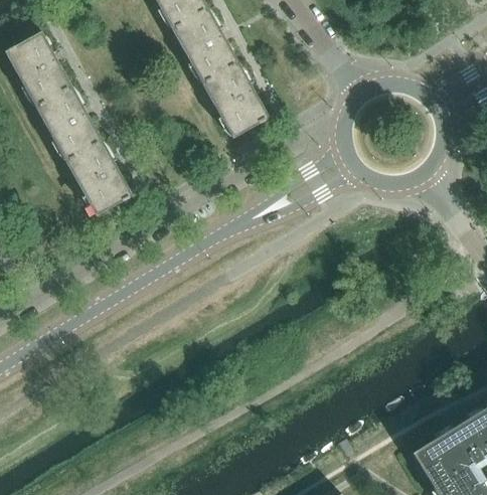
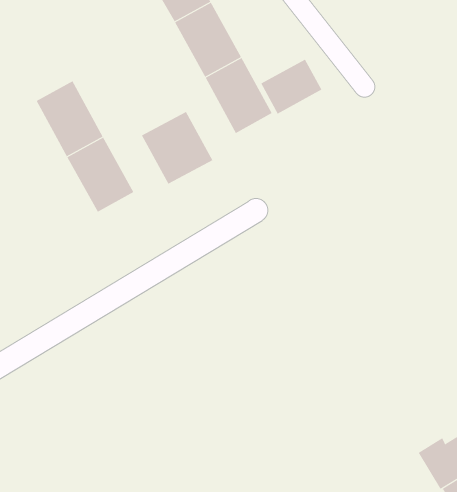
building: [6,32,72,107] -> none
building: none -> [260,59,322,114]
building: none -> [141,111,213,185]

